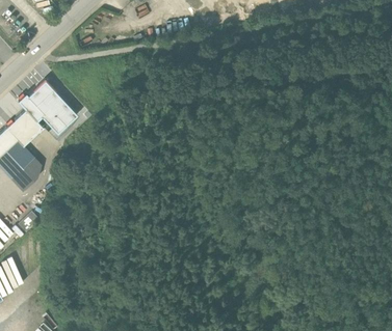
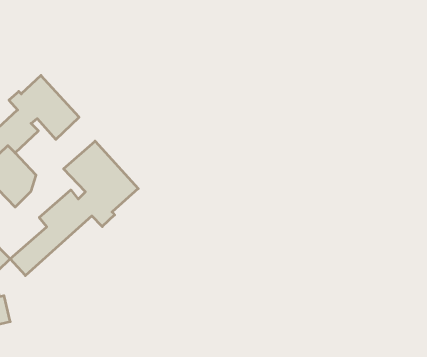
building: none -> [10,141,138,276]

